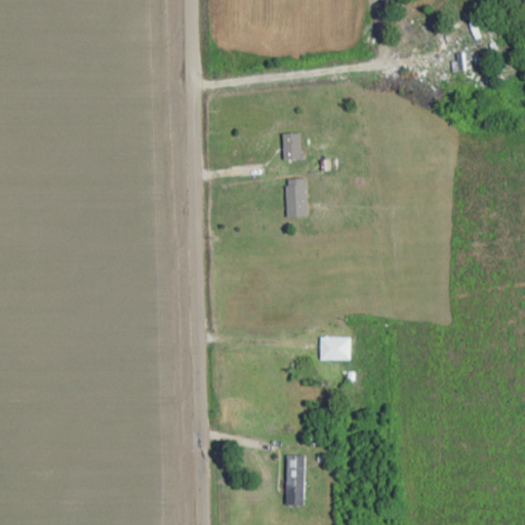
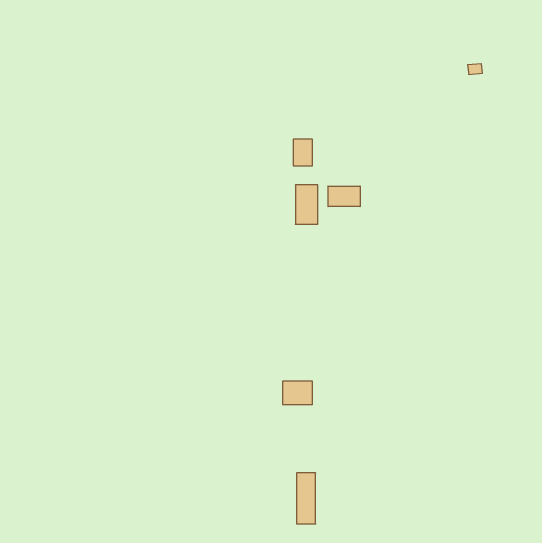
building: none -> [328,186,360,207]
building: [320,337,349,360] -> [283,381,312,405]

